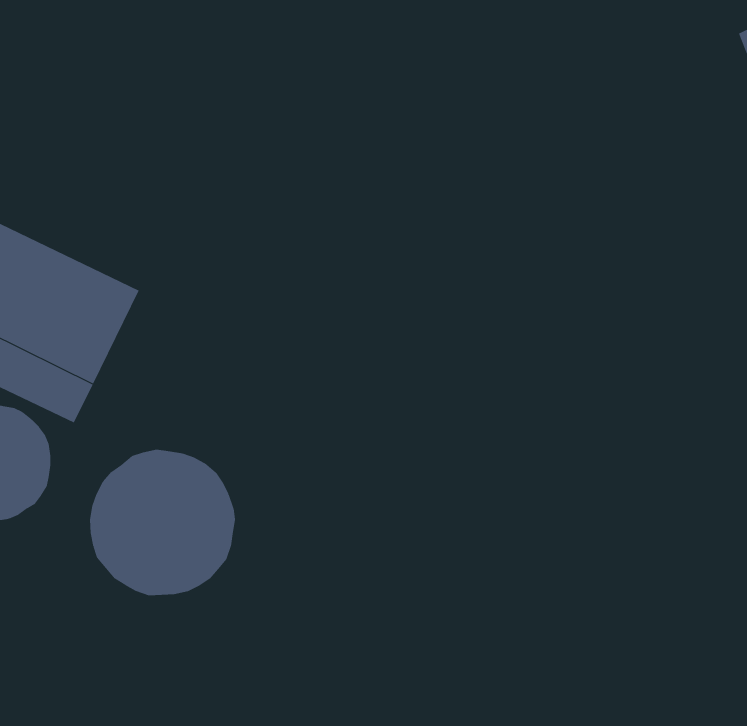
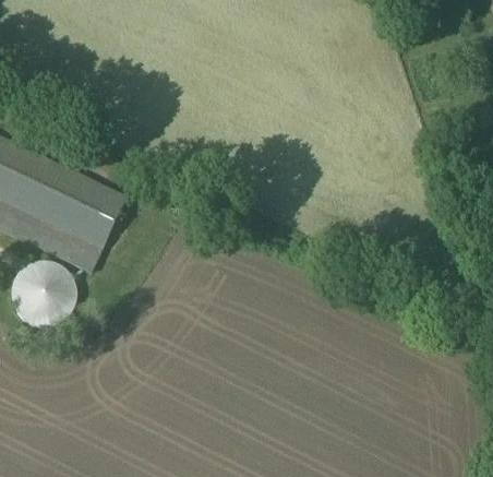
building: [89,449,236,596] -> none

